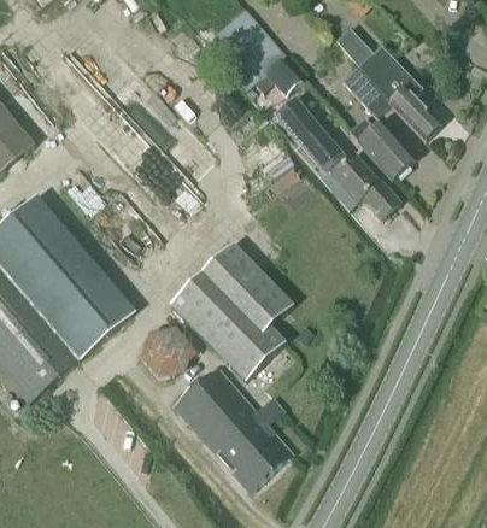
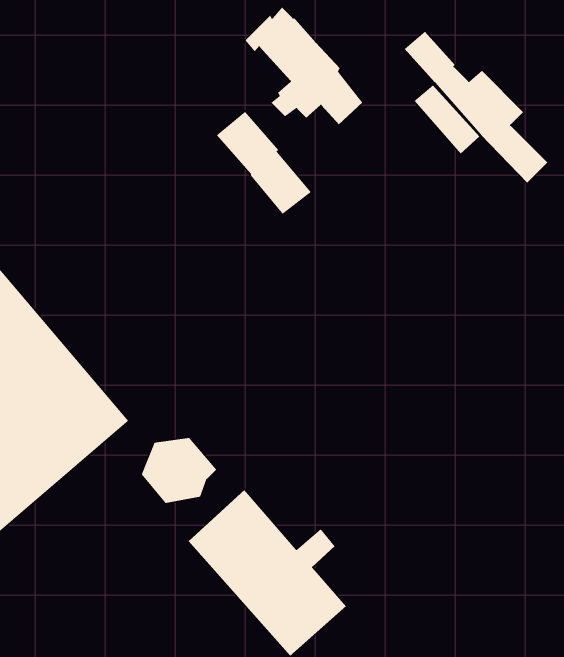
building: [274,95,345,172] -> [216,111,312,215]
building: [348,116,413,177] -> none
building: [330,154,399,218] -> none
building: [170,242,292,379] -> none

